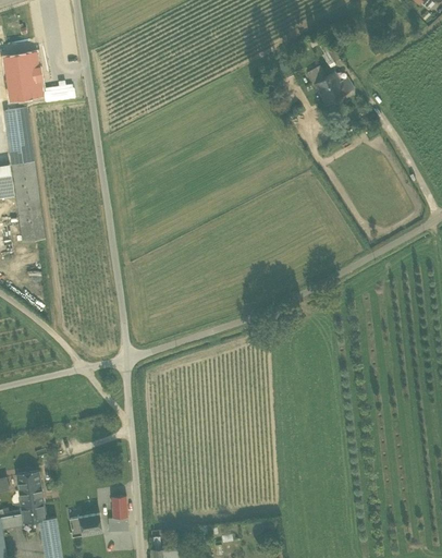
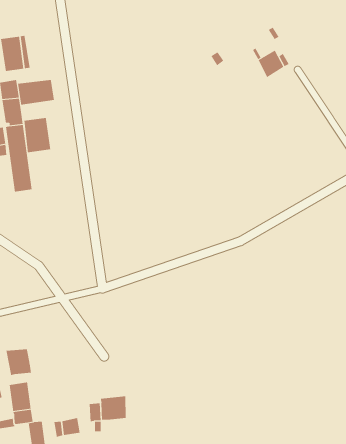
building: none -> [18,79,54,106]
building: none -> [24,117,51,153]
building: none -> [6,348,31,376]
building: none -> [100,396,126,421]

